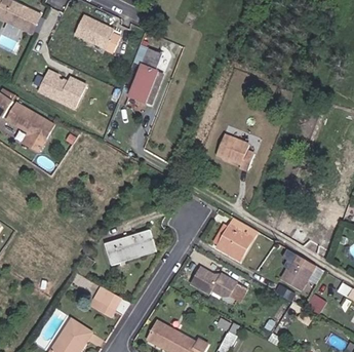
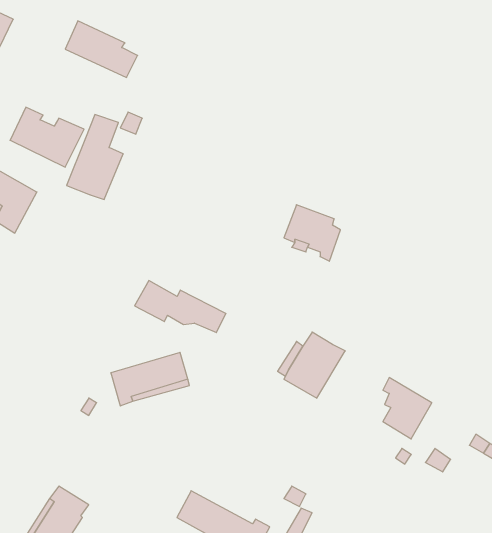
building: [127,49,164,105] -> [67,115,123,199]
building: [189,266,248,300] -> [135,281,226,333]
building: [89,286,120,317] -> none

